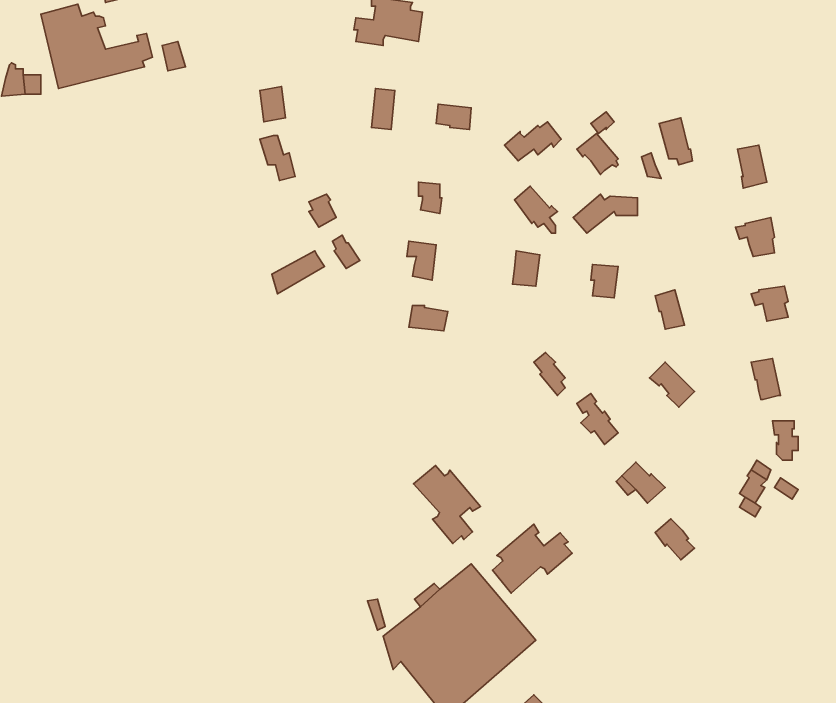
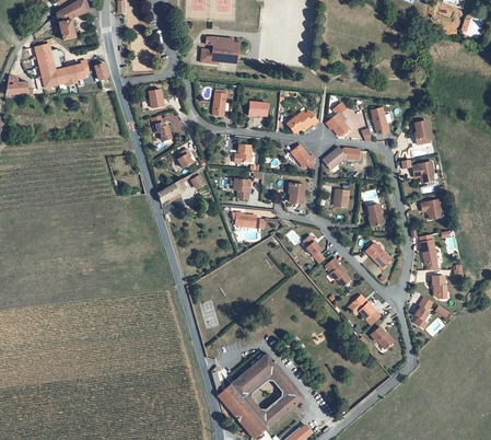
building: [414,466,481,543] -> none
building: [492,524,572,593] -> none

